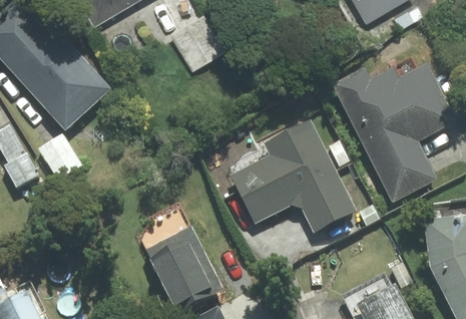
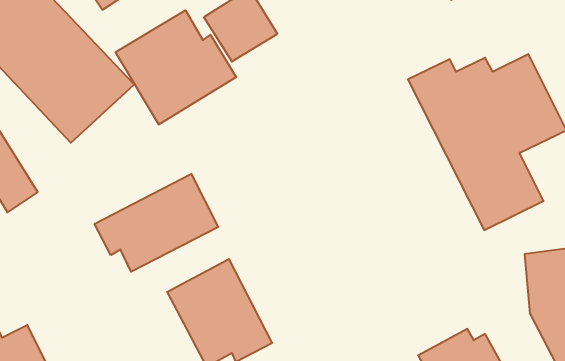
building: none -> [116,10,236,125]
building: [229,110,357,236] -> none
building: none -> [95,174,218,272]

